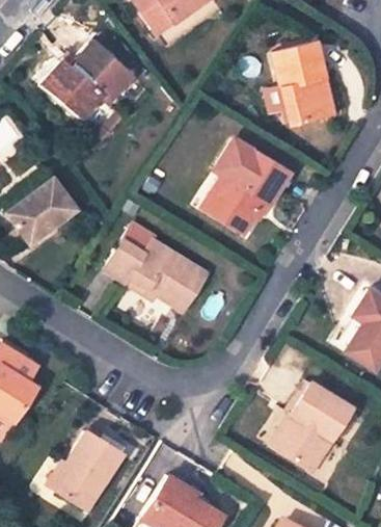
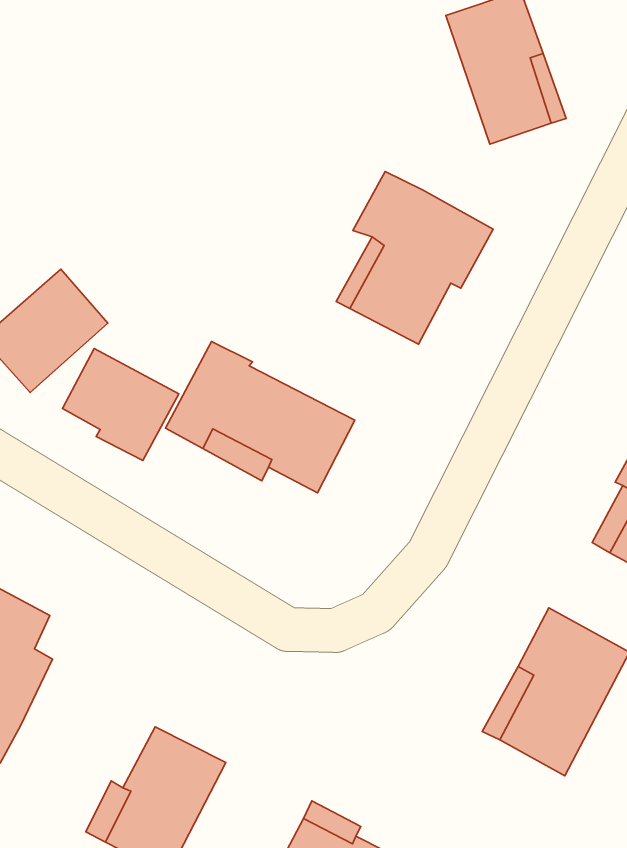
building: [46,42,132,118] -> none
building: none -> [62,349,179,460]

